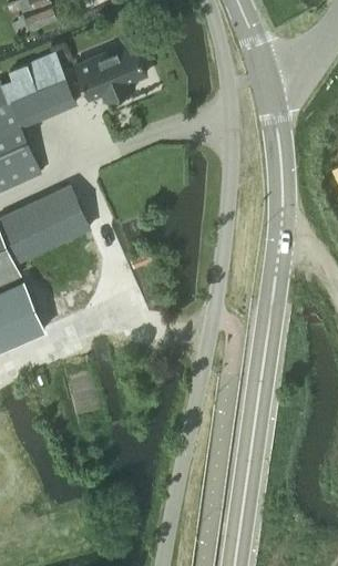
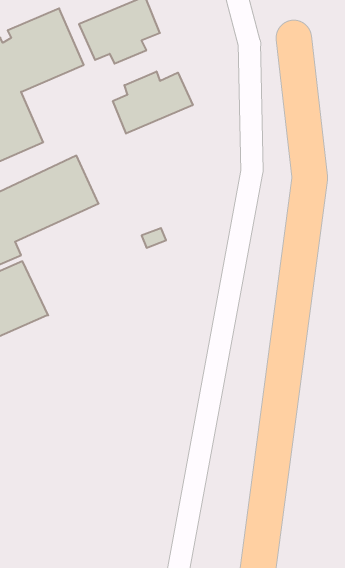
building: none -> [113,71,193,134]

